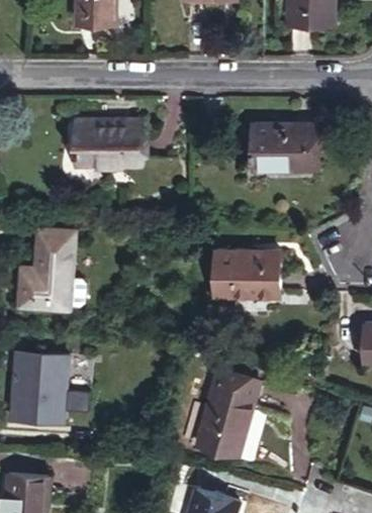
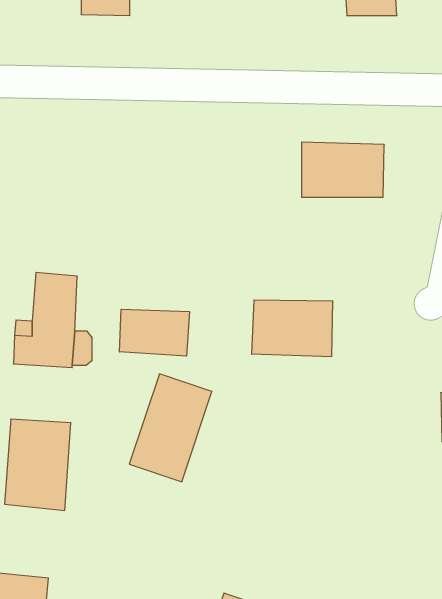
building: [79,122,143,162] -> none
building: none -> [120,309,189,356]
building: [194,368,261,454] -> [129,374,212,482]

